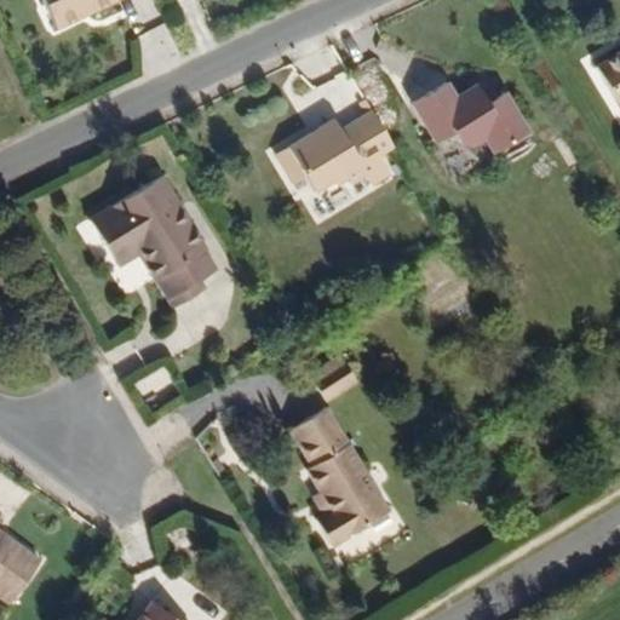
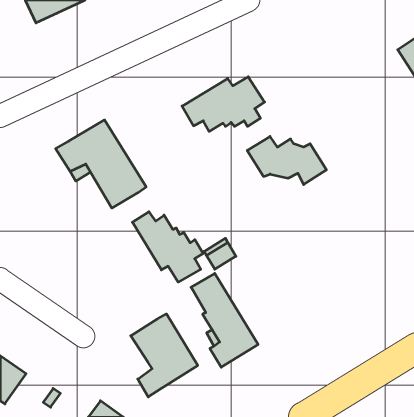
building: [430,78,547,149] -> [247,136,326,185]
building: none -> [132,212,203,282]
building: none -> [131,314,198,397]

